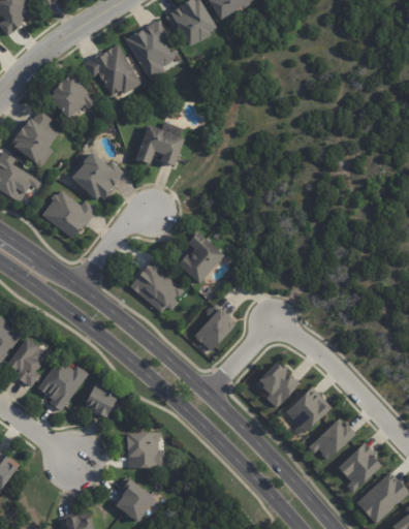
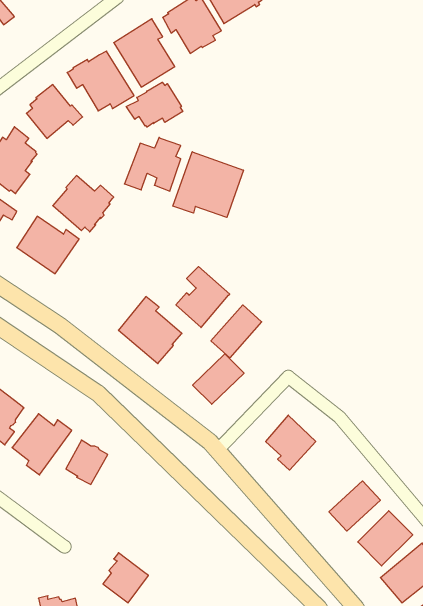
building: none -> [126,82,183,127]
building: none -> [173,152,243,217]
building: none -> [211,305,262,358]
building: [285,385,332,432] -> none
building: [126,432,165,468] -> none

